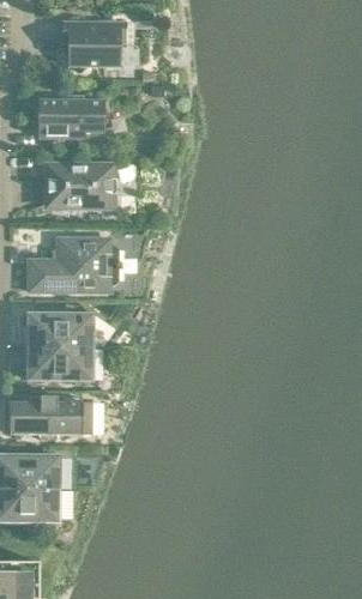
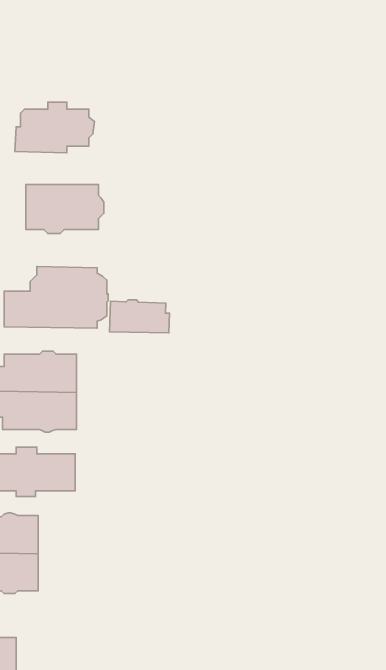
building: [61,22,123,66] -> none
building: none -> [109,300,170,333]

